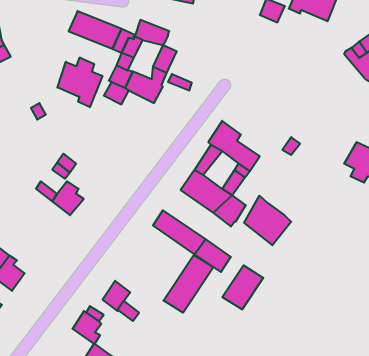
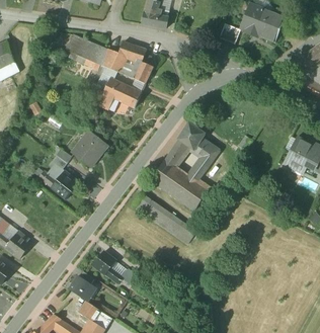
building: [57,57,102,107] -> none
building: none -> [71,130,105,167]
building: [244,196,291,245] -> none
building: [163,255,213,313] -> none
building: [222,265,263,310] -> none

